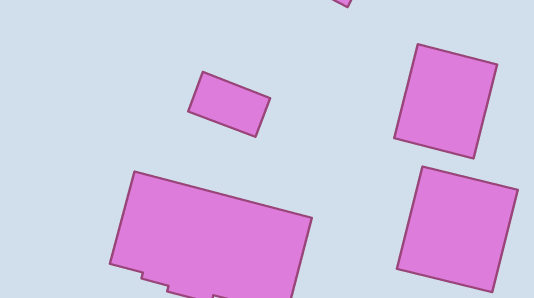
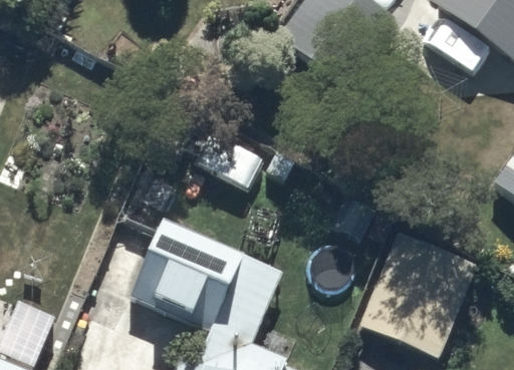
building: [394,44,497,158] -> none

